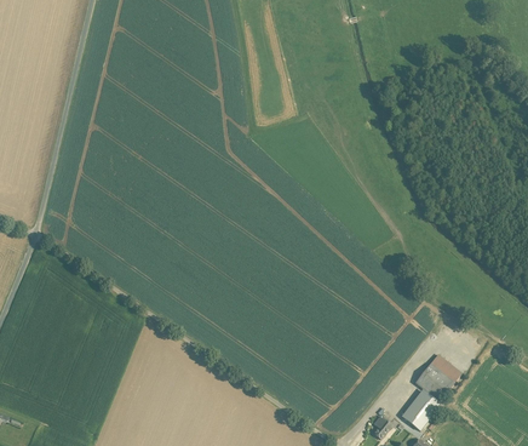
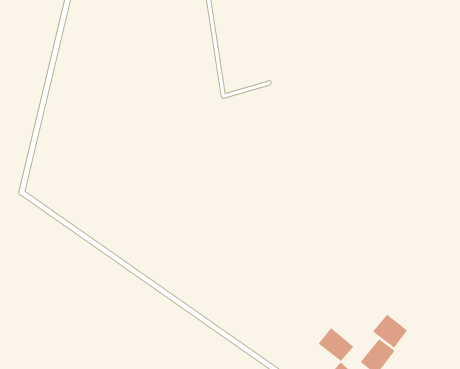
building: none -> [318,327,354,362]

